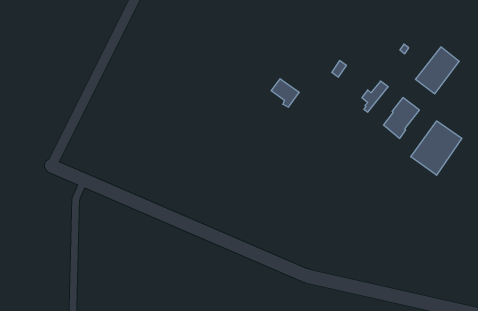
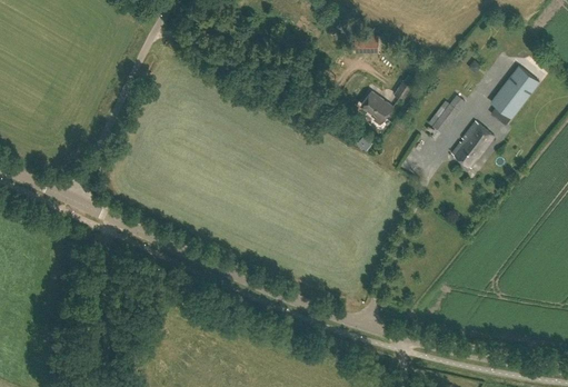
building: [271,79,299,107] -> [360,91,392,123]
building: [411,121,462,175] -> none

